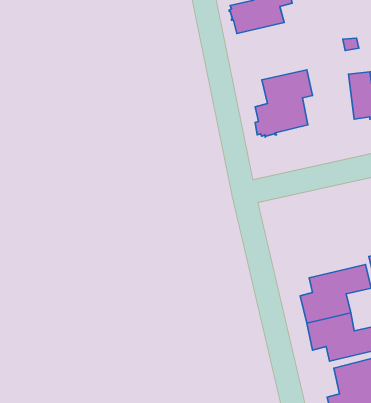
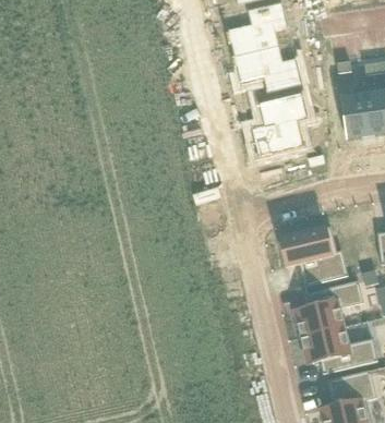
building: none -> [232,45,302,90]
building: none -> [280,226,348,285]

